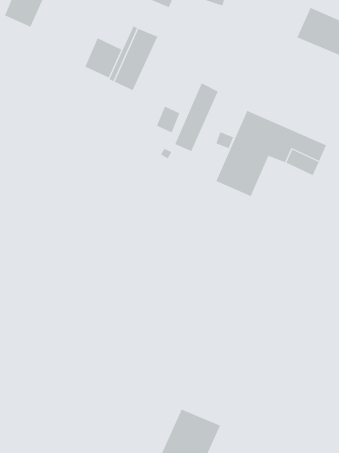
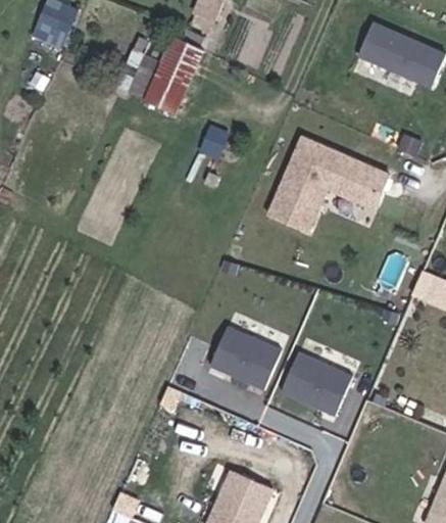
building: [174,83,218,152] -> none
building: none -> [215,323,287,386]
building: none -> [284,353,355,417]

